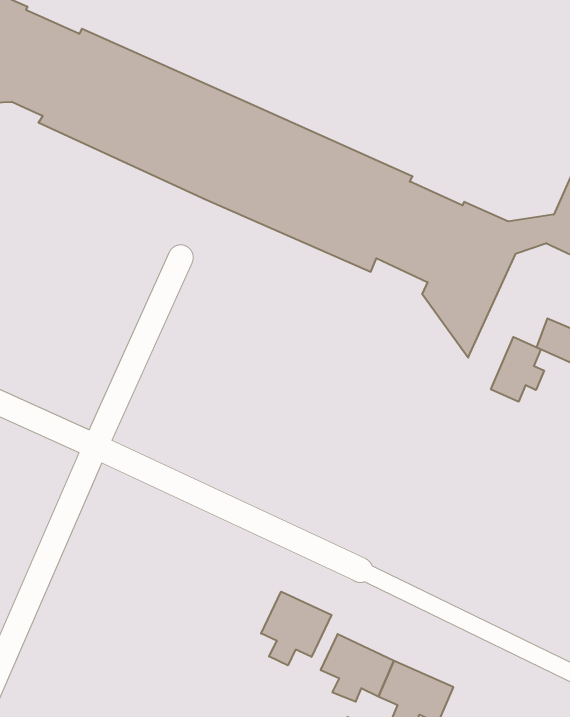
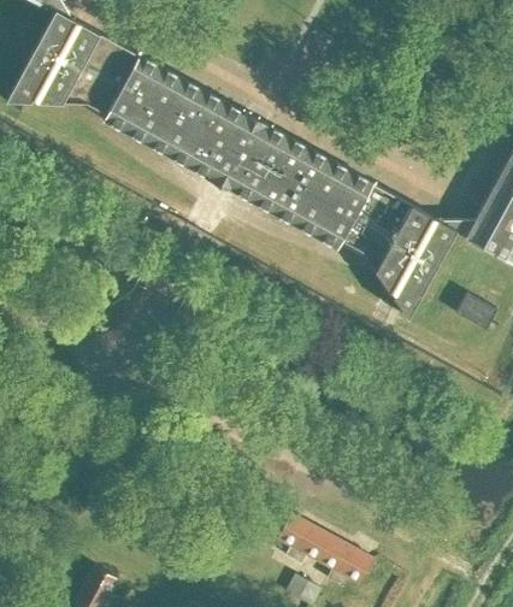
building: [491,337,544,402] -> none
building: [261,592,332,665] -> none

